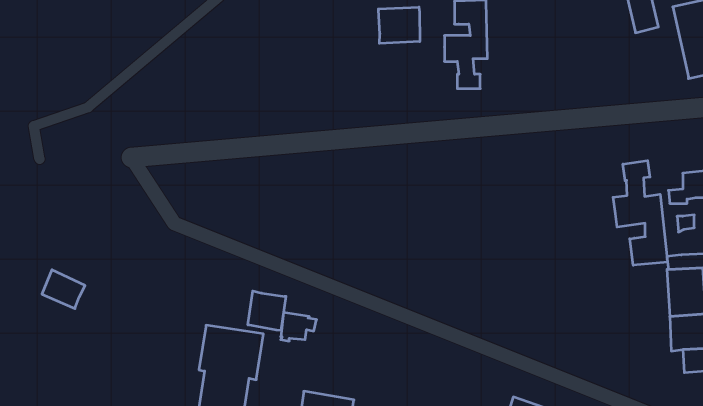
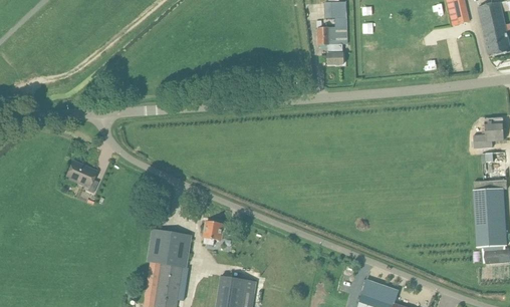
building: [378,7,420,43] -> none
building: [613,161,668,265] -> none
building: [42,270,85,309] -> [66,160,96,187]
building: [248,291,286,330] -> none

